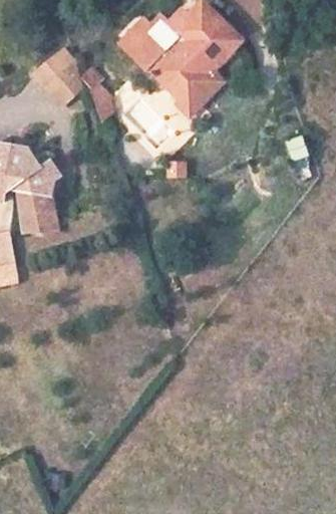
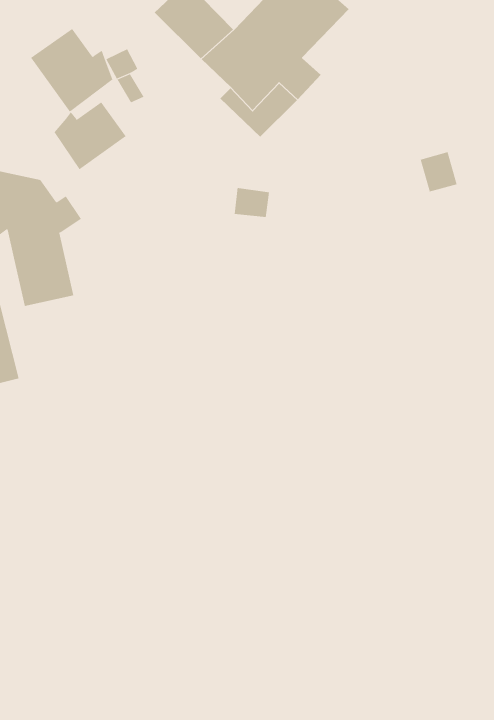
building: none -> [54,102,126,170]

